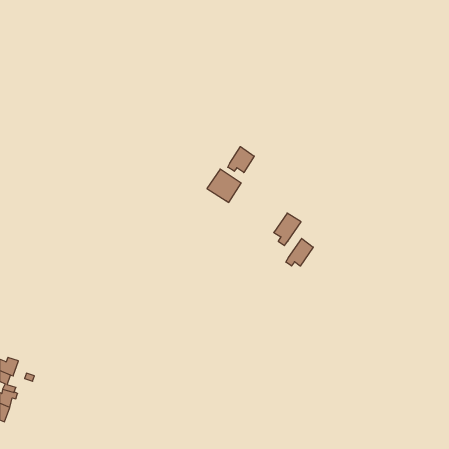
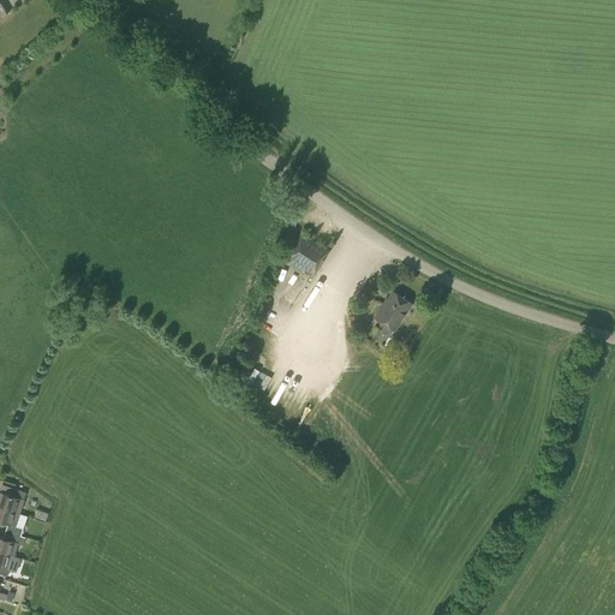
building: [228,147,254,173] -> none
building: [286,238,313,266] -> none

